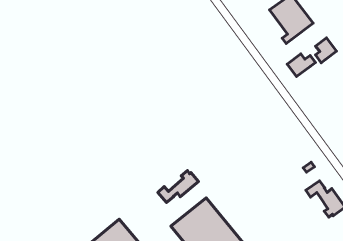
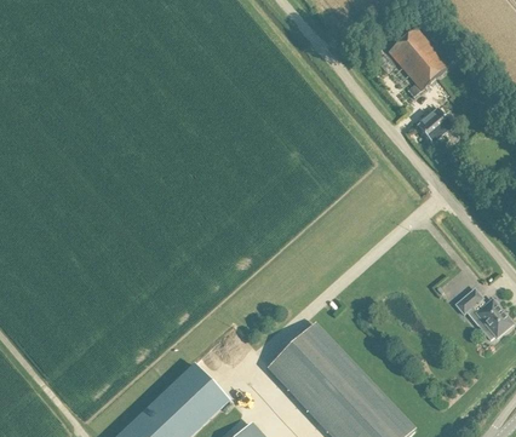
building: [316,38,337,63] -> none
building: [158,171,198,202] -> none

